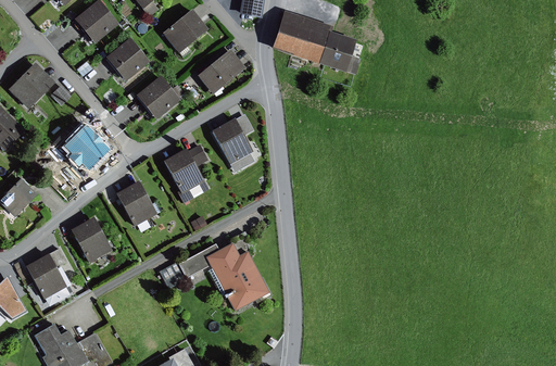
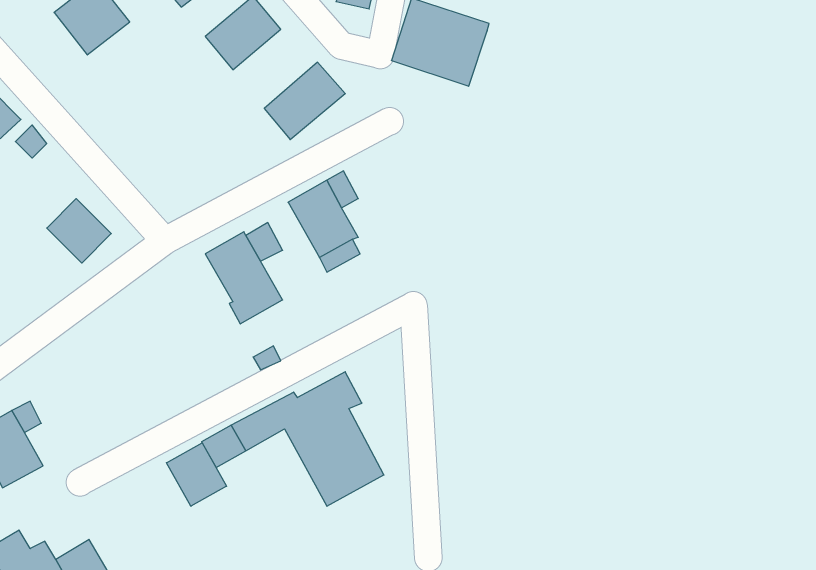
building: [318,30,356,73] -> none
building: [105,38,150,83] -> none
building: [137,76,179,118] -> none
building: [116,181,156,227] -> none
building: [72,218,113,264] -> none
building: none -> [166,443,227,506]

